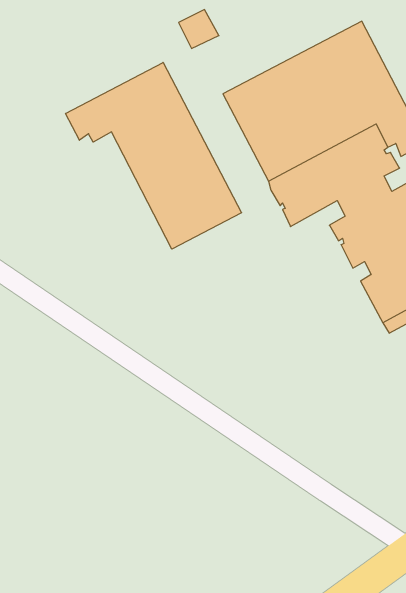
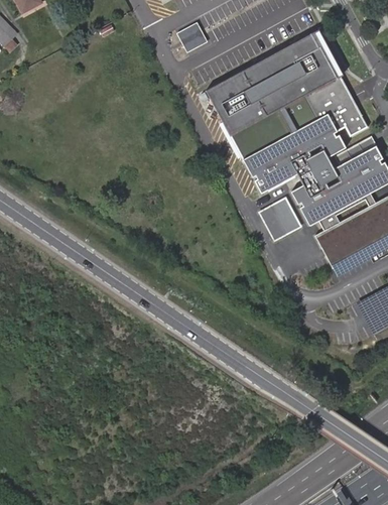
building: [66,62,242,249] -> none
building: none -> [256,198,298,241]

